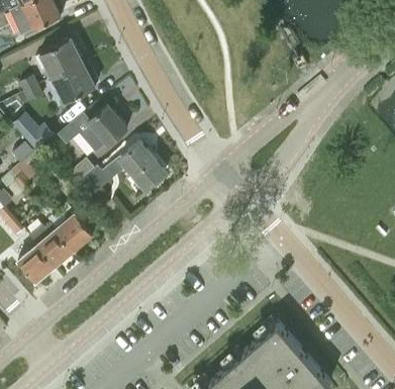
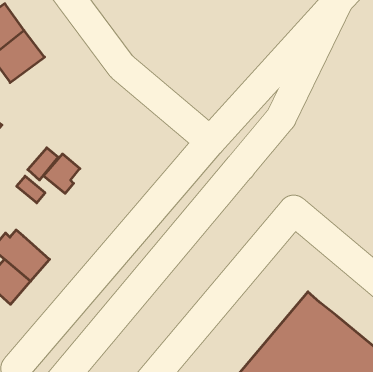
building: [59,107,126,154] -> none
building: [119,144,165,191] -> none
building: [55,210,92,253] -> none

